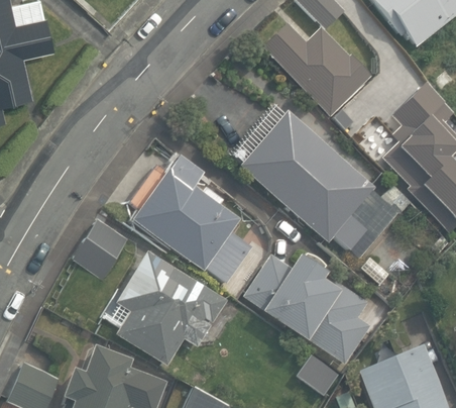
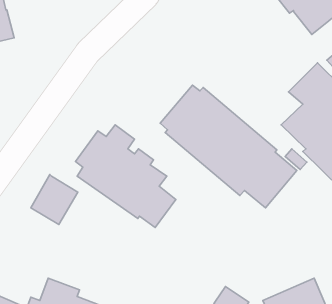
building: [262,22,371,114] -> none
building: [110,252,226,367] -> none
building: [245,254,371,363] -> none

